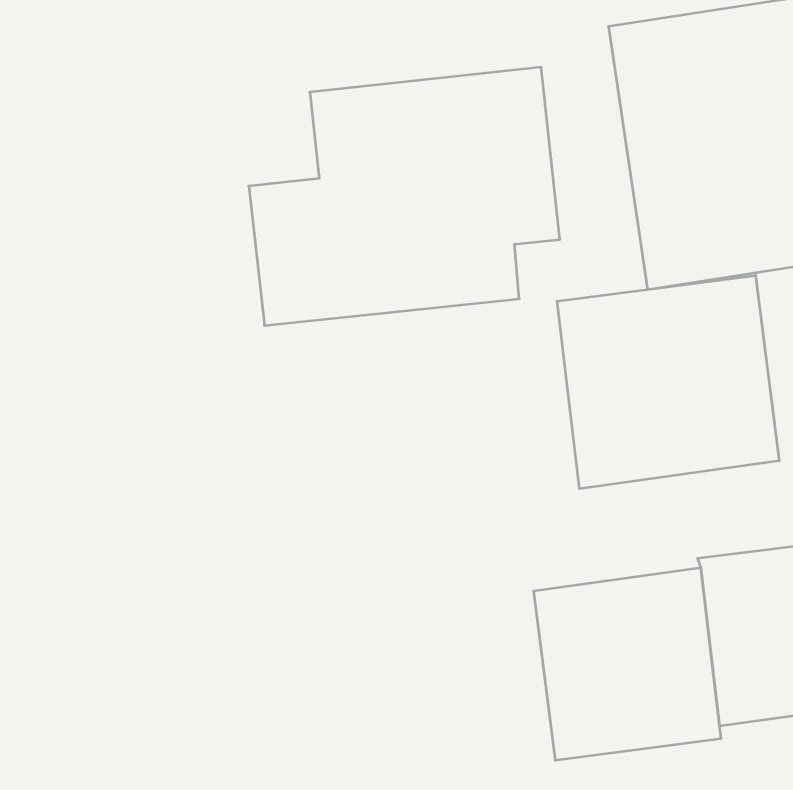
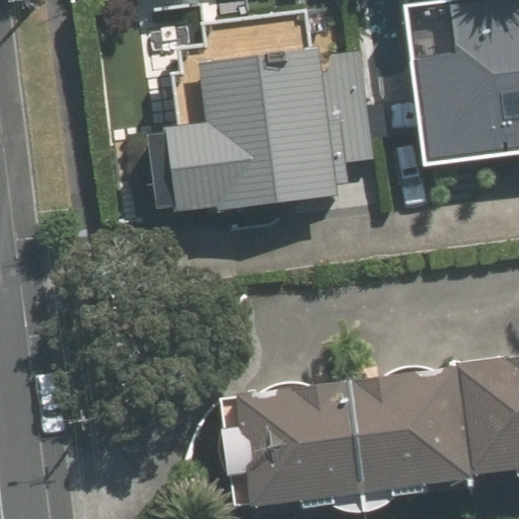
building: [557,275,779,489] -> none
building: none -> [235,383,364,507]

